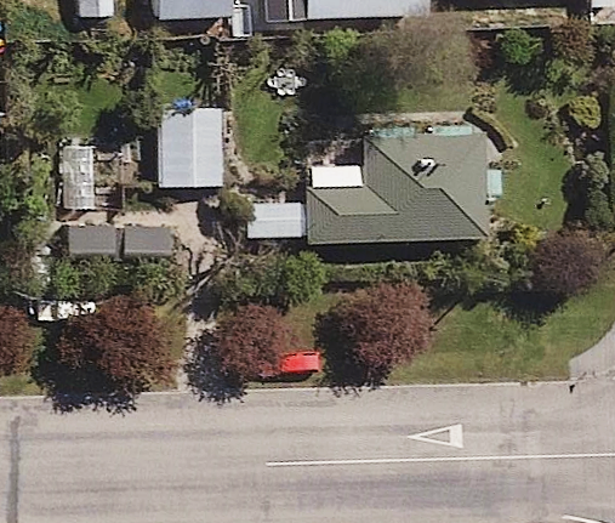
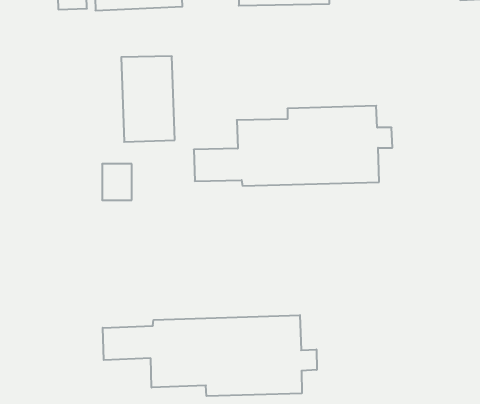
building: none -> [103,315,317,396]

